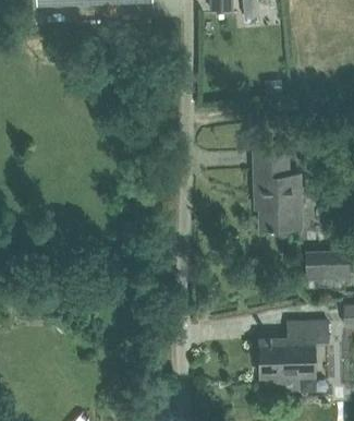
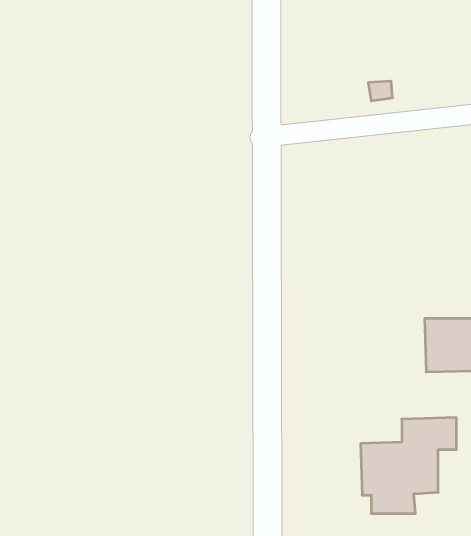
building: [254,152,301,229] -> none

